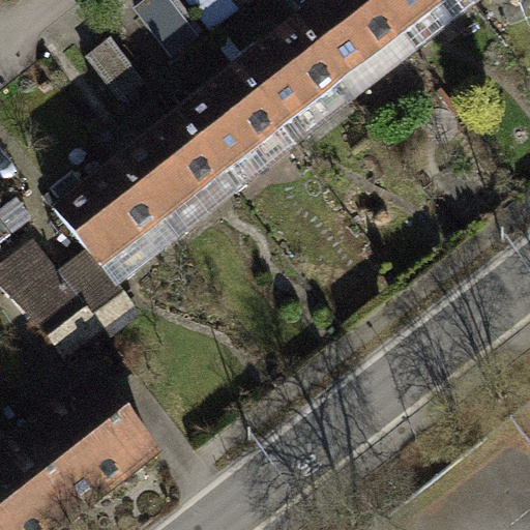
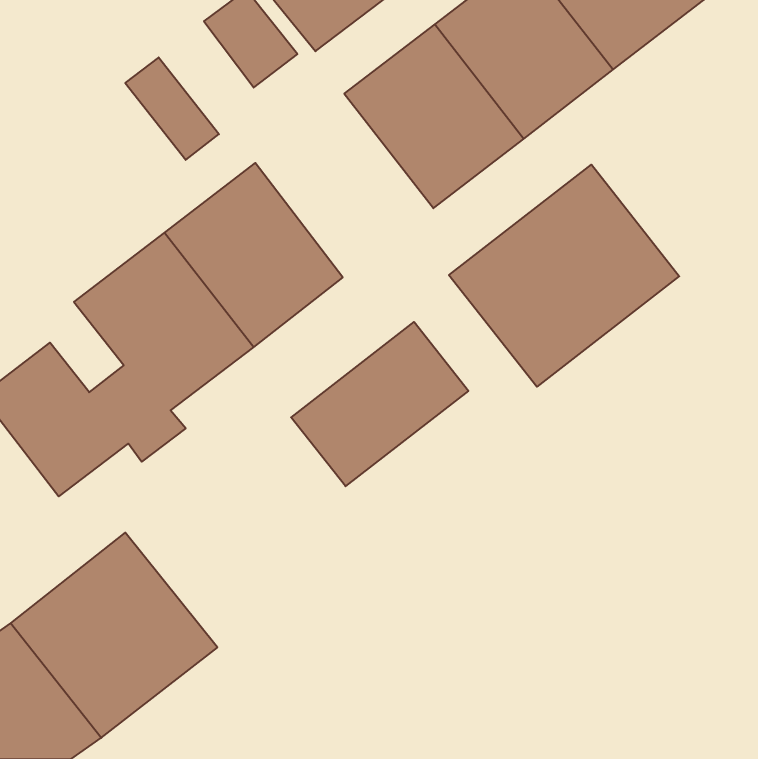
building: [175,64,297,190] -> none
building: none -> [449,165,679,387]
building: none -> [291,322,468,486]

